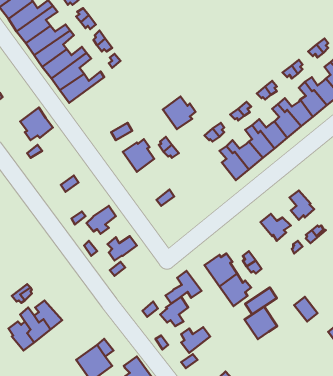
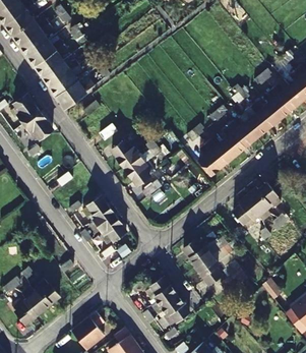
building: none -> [9,95,39,124]
building: [163,97,196,129] -> [124,157,152,185]
building: none -> [239,187,269,220]
building: none -> [86,207,118,235]
building: [165,271,202,304] -> [150,286,182,314]
building: [245,306,277,339] -> none

